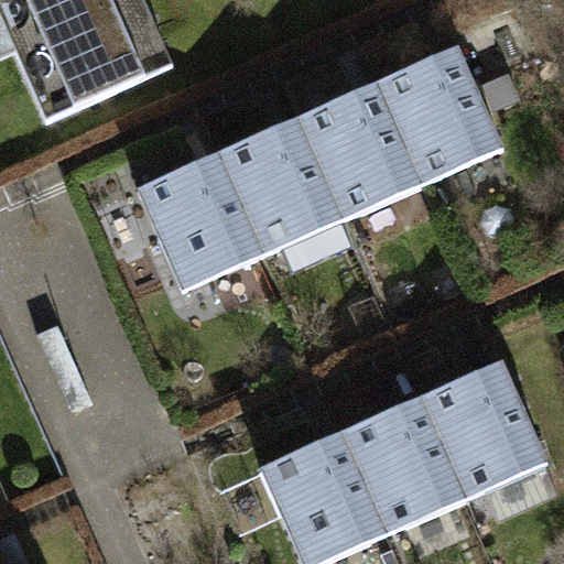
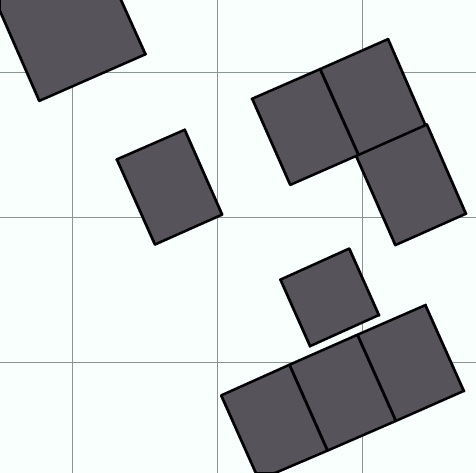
building: [218,117,343,253] -> none
building: none -> [356,124,466,245]
building: none -> [280,249,379,346]

